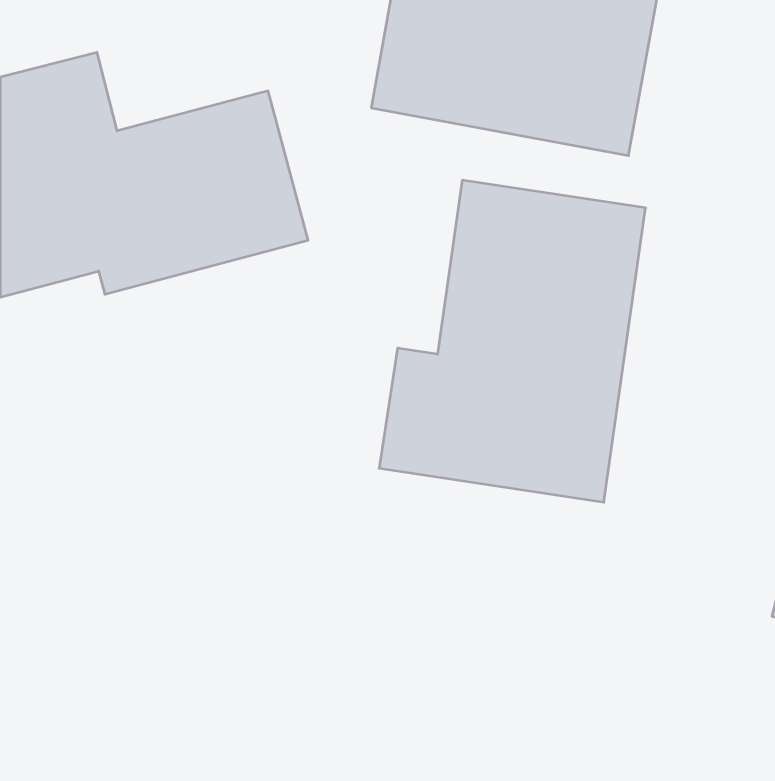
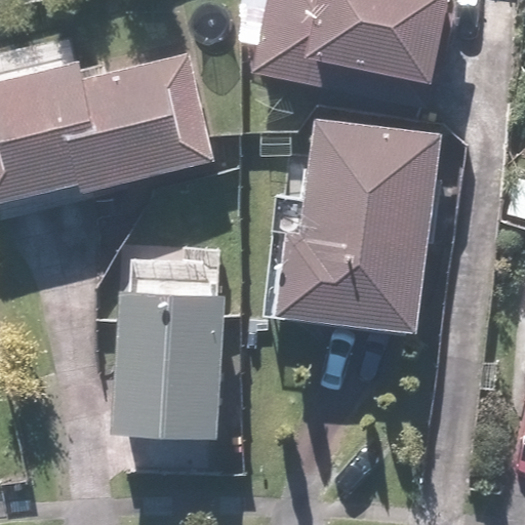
building: none -> [113,253,226,438]

